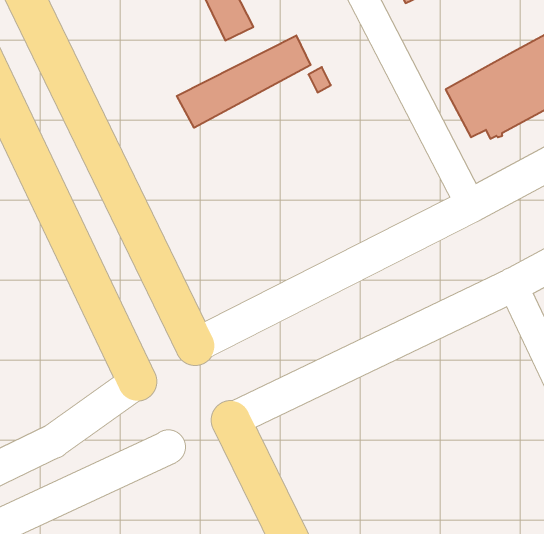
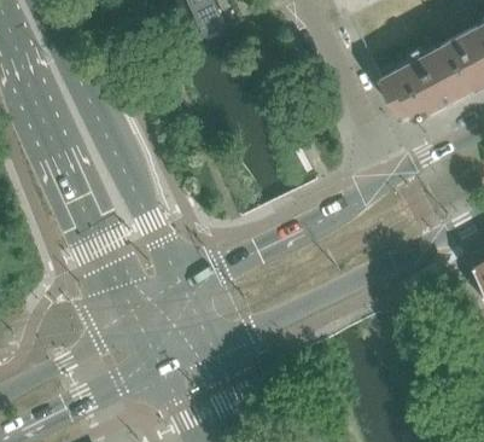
building: [177,35,311,128] -> none

